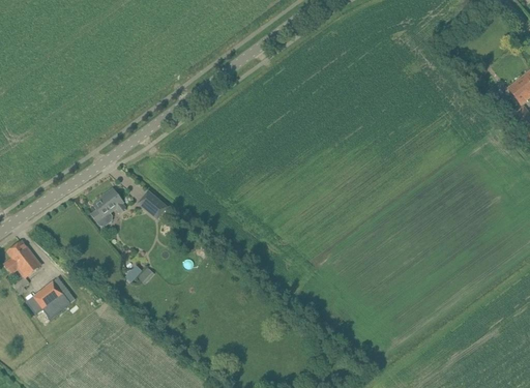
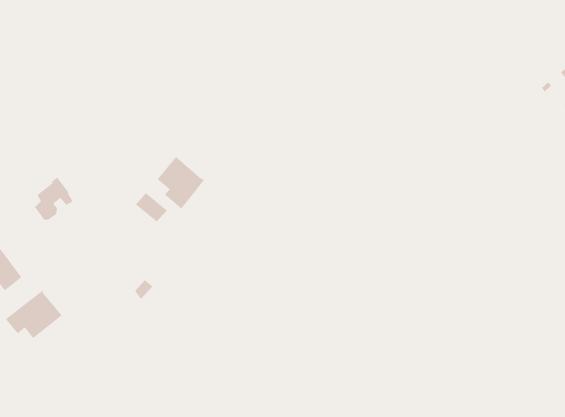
building: none -> [157,156,205,209]
building: [92,188,126,226] -> [34,177,73,220]

